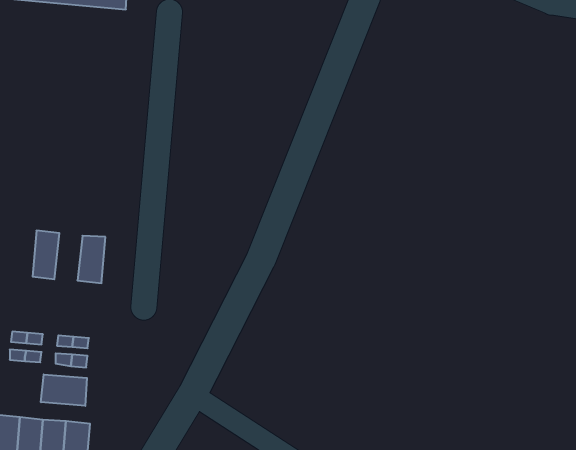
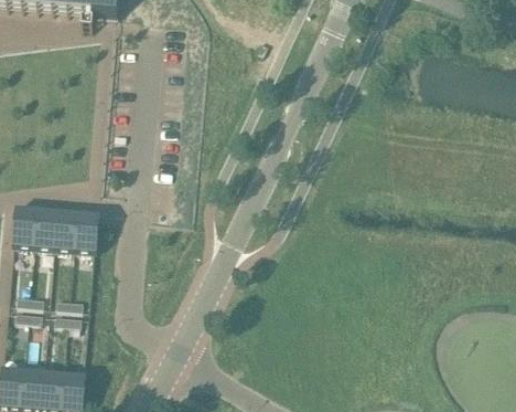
building: none -> [13,207,37,247]
building: none -> [53,210,77,251]
building: [41,374,87,406] -> none

